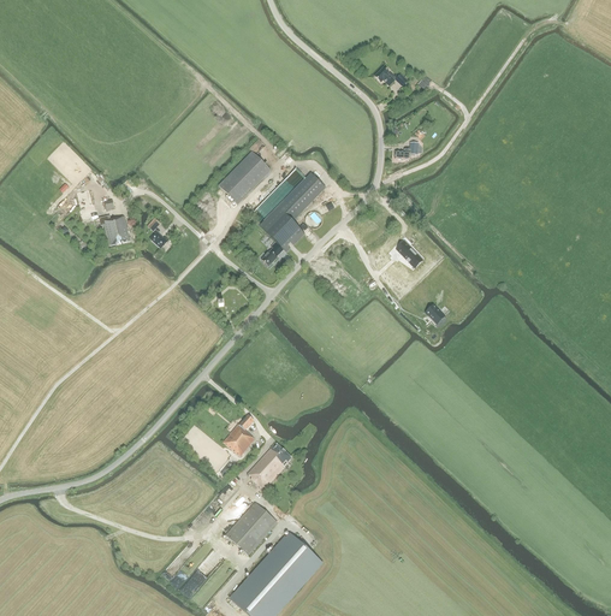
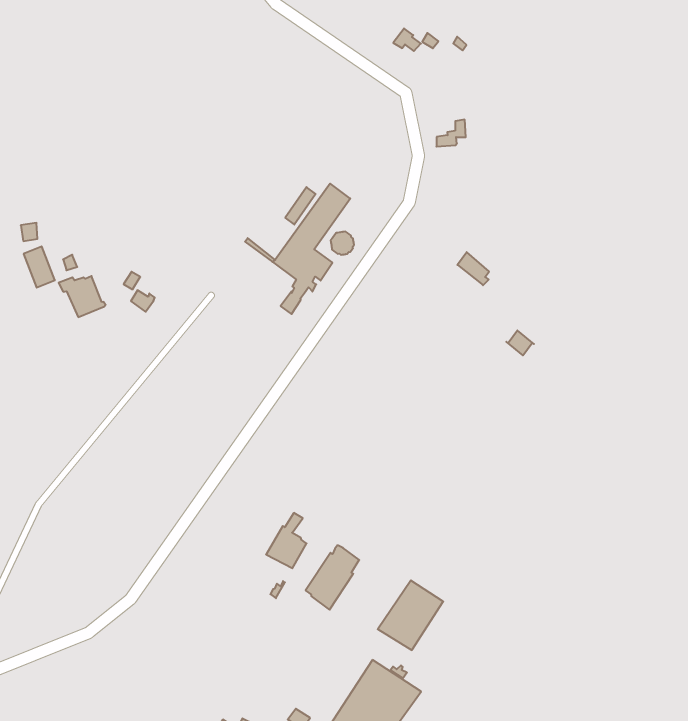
building: [219,150,271,203] -> none
building: [225,502,277,553] -> [378,580,443,650]

